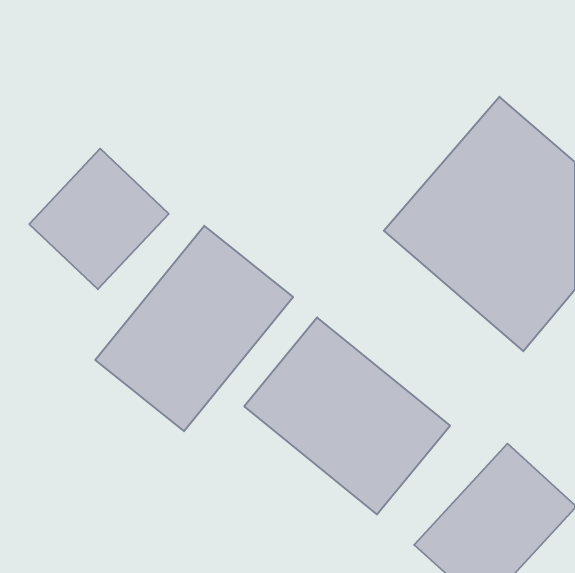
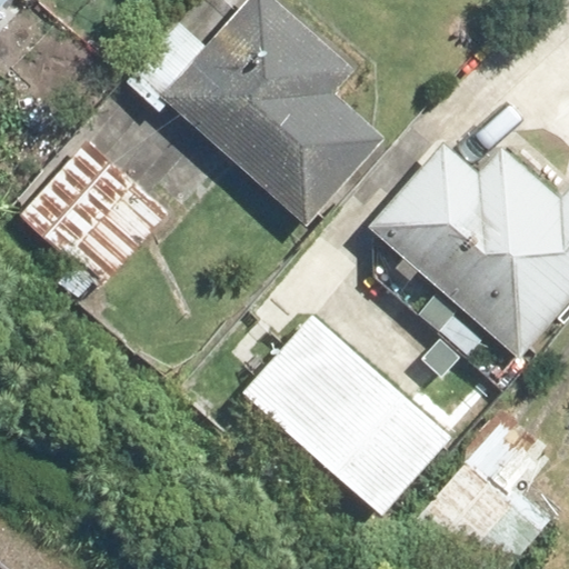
building: none -> [161,7,377,227]
building: [95,226,293,431] -> none

